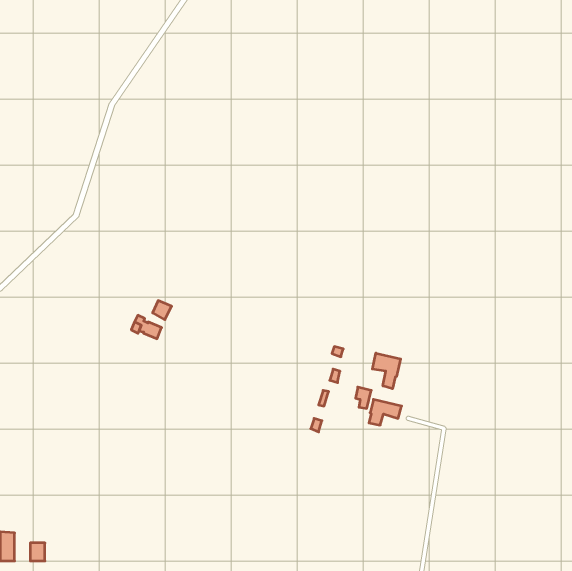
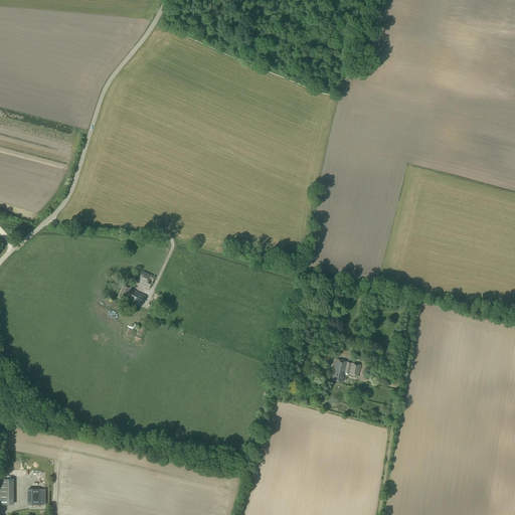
building: [372,353,401,389] -> none

